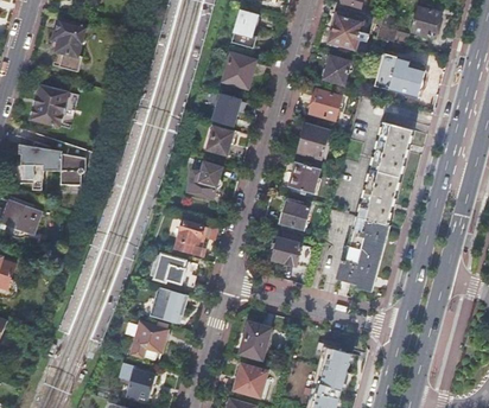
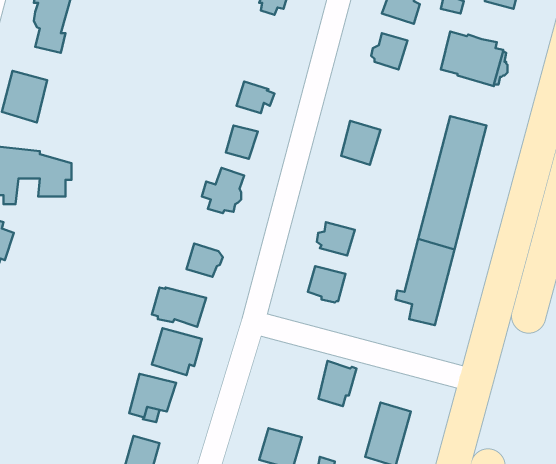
building: [222,52,256,89] -> none
building: [309,90,341,121] -> none
building: [287,161,319,193] -> none
building: [242,324,272,359] -> [319,361,356,406]

